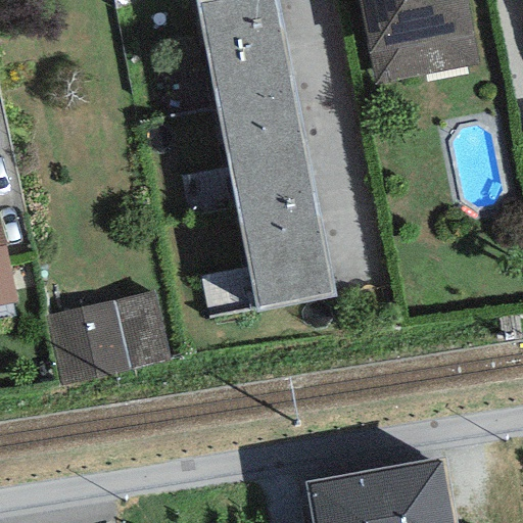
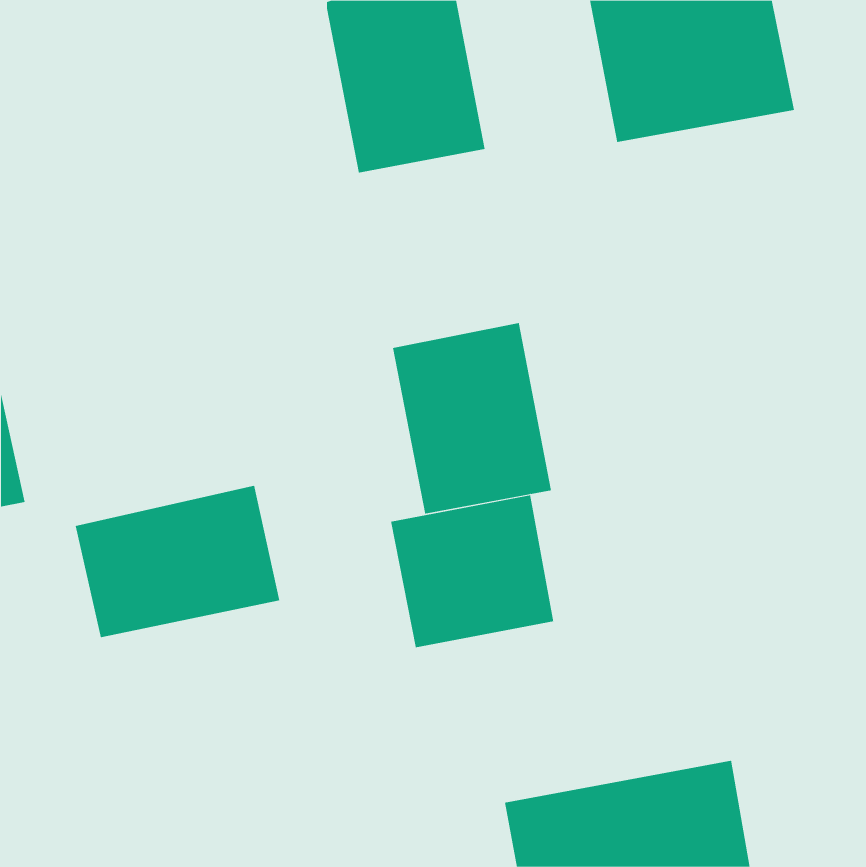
building: [217,90,314,209] -> none
building: none -> [390,494,554,648]

